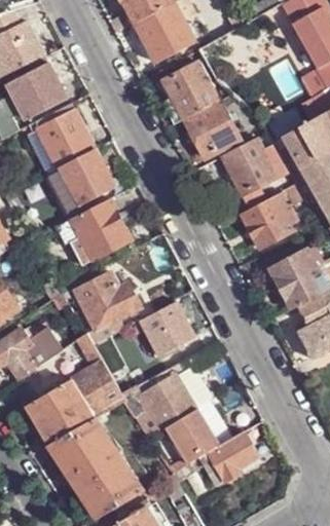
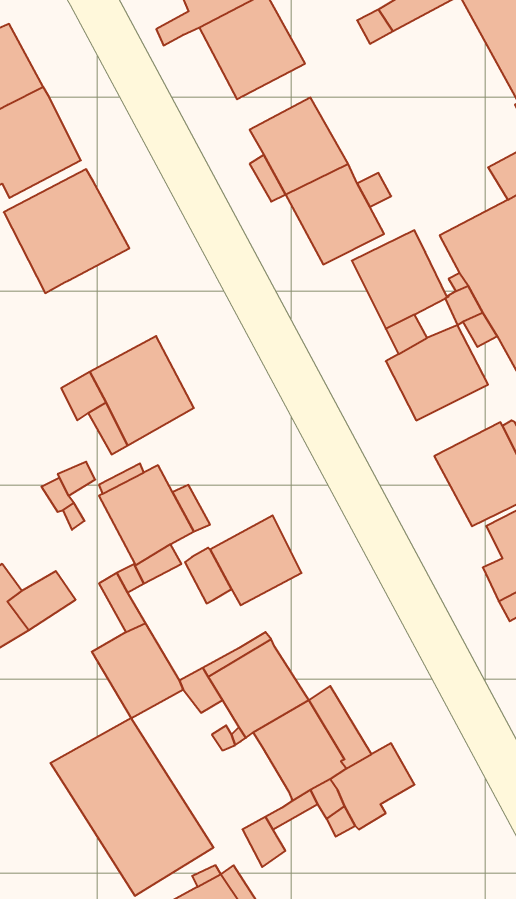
building: [43,148,113,213] -> none
building: [26,379,95,443] -> none

